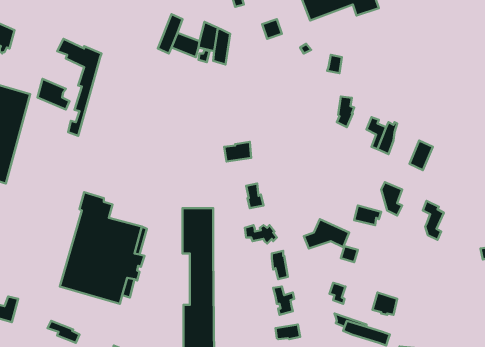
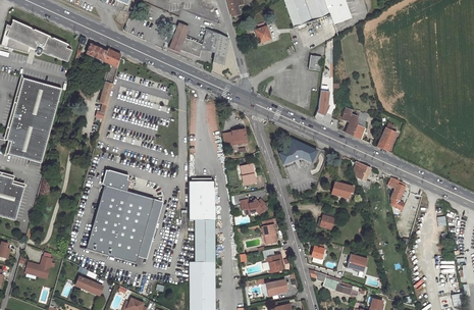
building: [38,79,69,110] -> [45,35,71,60]
building: [304,219,349,248] -> [279,138,317,162]

